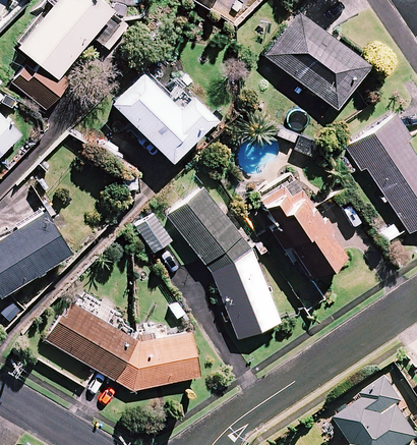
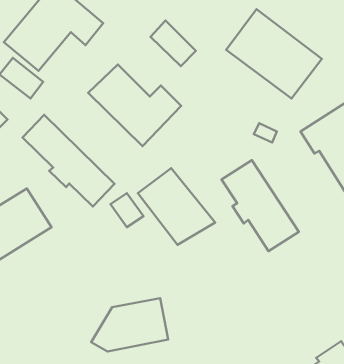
building: none -> [151,20,196,66]
building: none -> [23,115,114,207]
building: [211,247,281,338] -> none
building: [46,303,138,380] -> none

